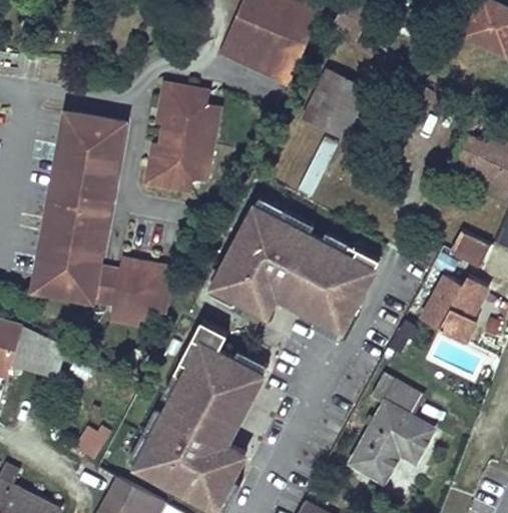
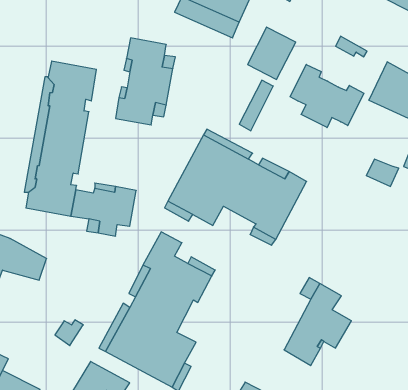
building: none -> [290,64,364,128]
building: [420,275,486,343] -> none

